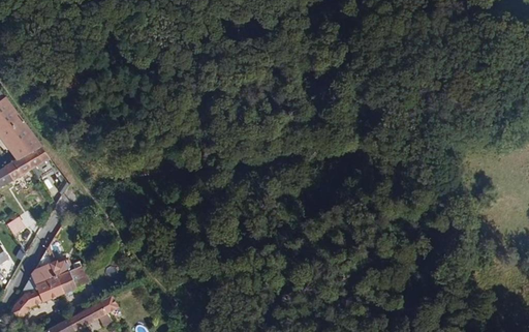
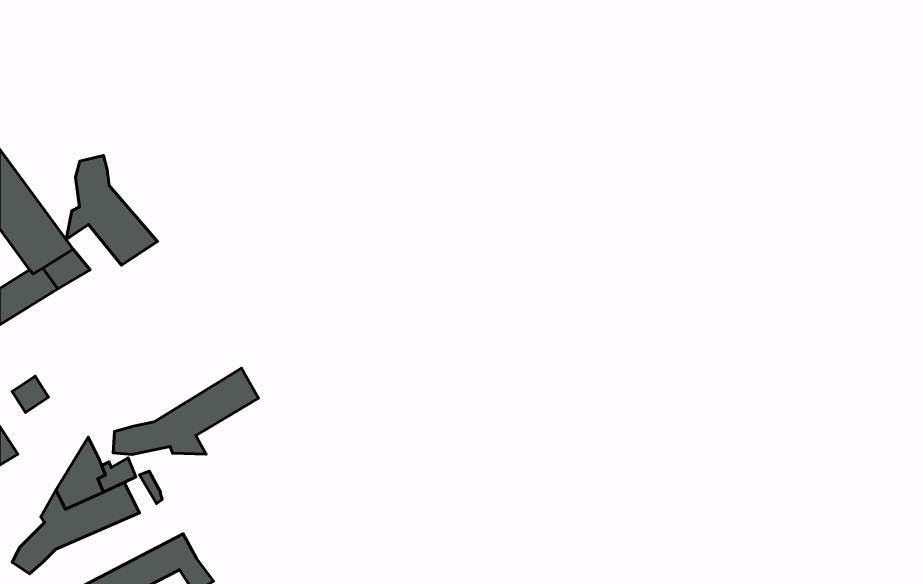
building: none -> [66,156,157,265]
building: none -> [113,368,258,455]

